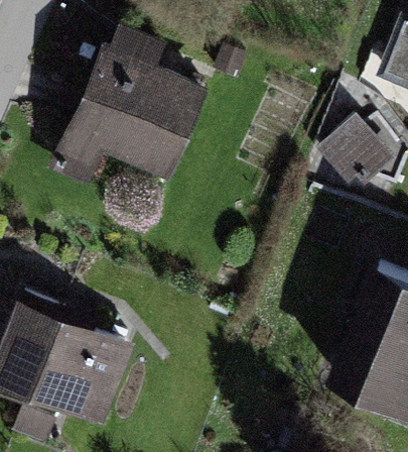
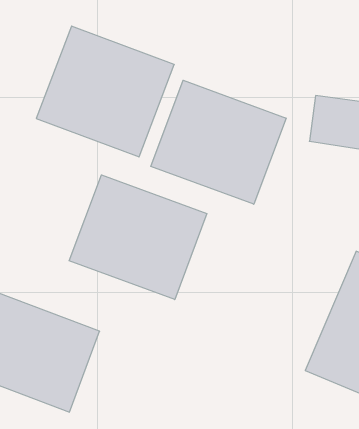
building: none -> [151,80,286,204]
building: none -> [69,175,207,300]

